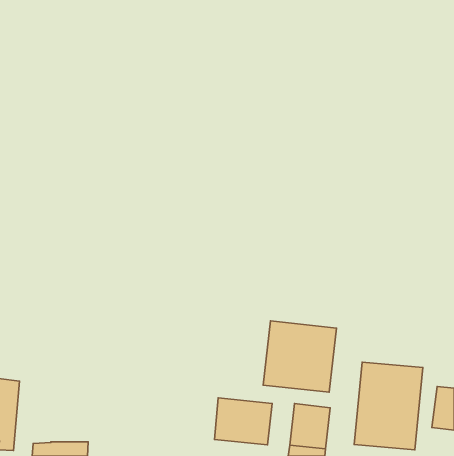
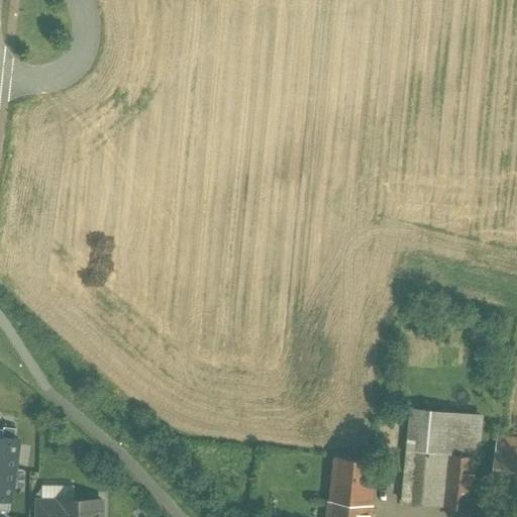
building: [263,321,337,392] -> none
building: [215,398,272,445] -> none

